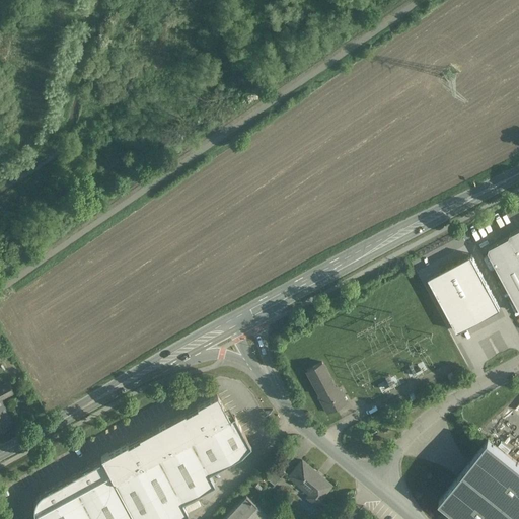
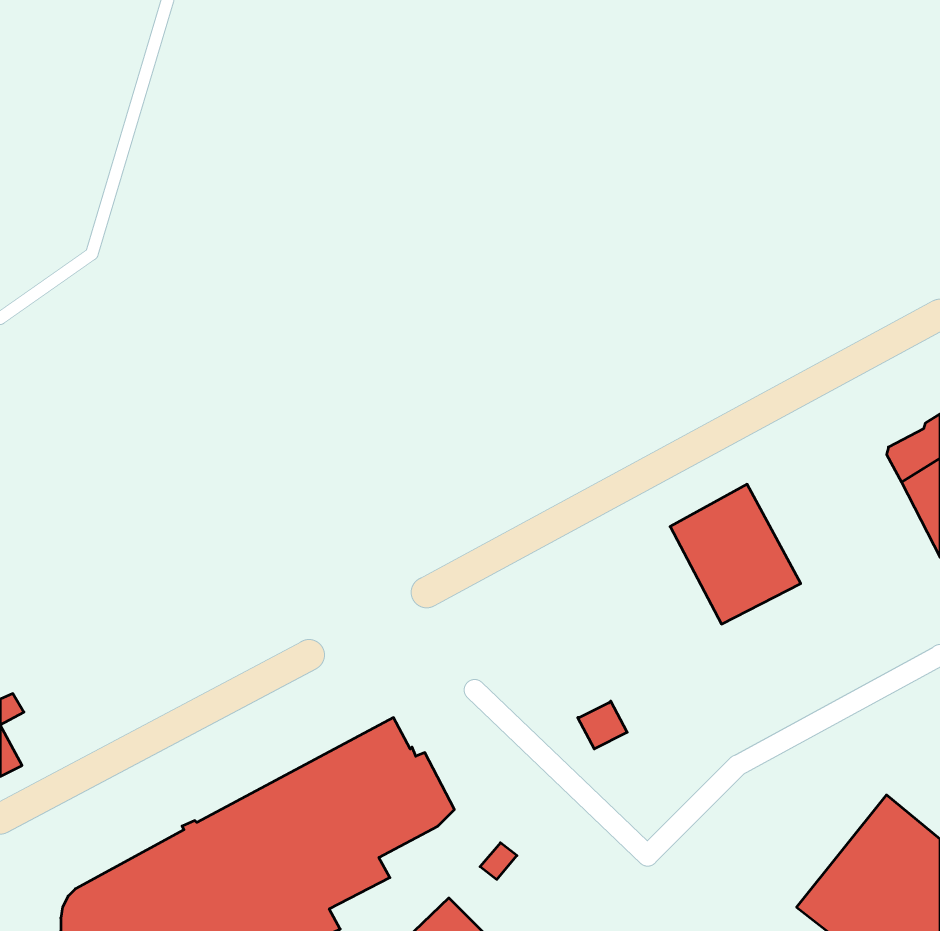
building: [429,258,501,336] -> [670,484,801,624]
building: [306,367,336,400] -> none
building: [289,466,331,510] -> none

